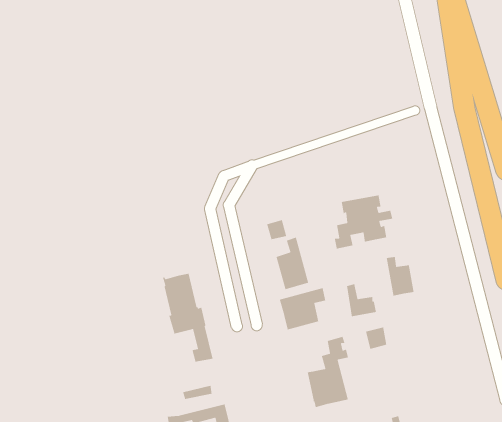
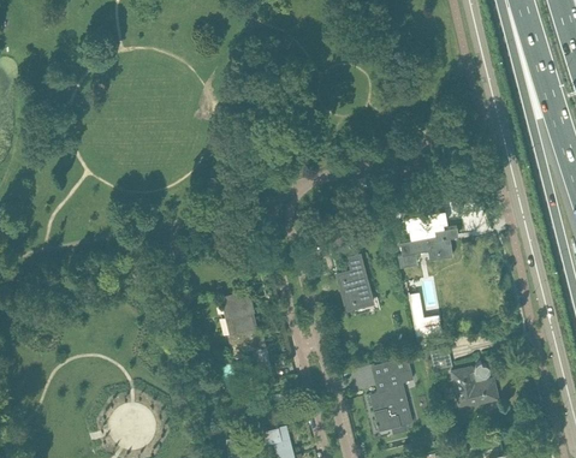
building: [386,256,415,296] -> none
building: [279,287,326,331] -> none
building: none -> [452,363,498,409]

